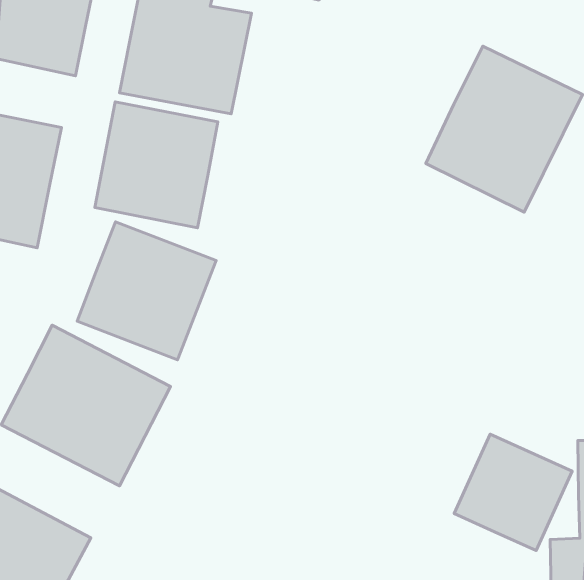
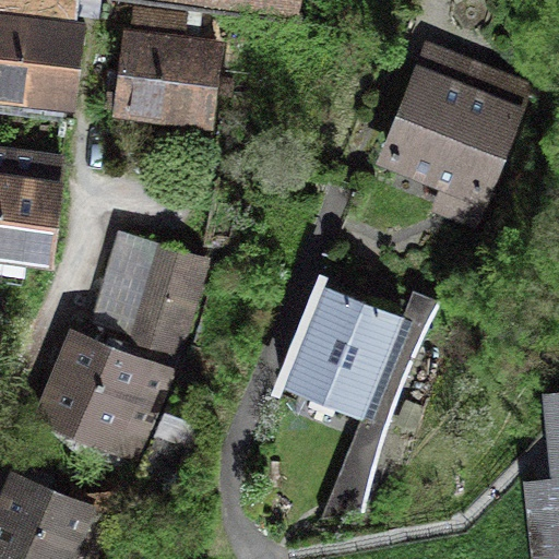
building: [95,102,218,228] -> none
building: none -> [285,287,440,521]
building: [454,434,572,550] -> none

